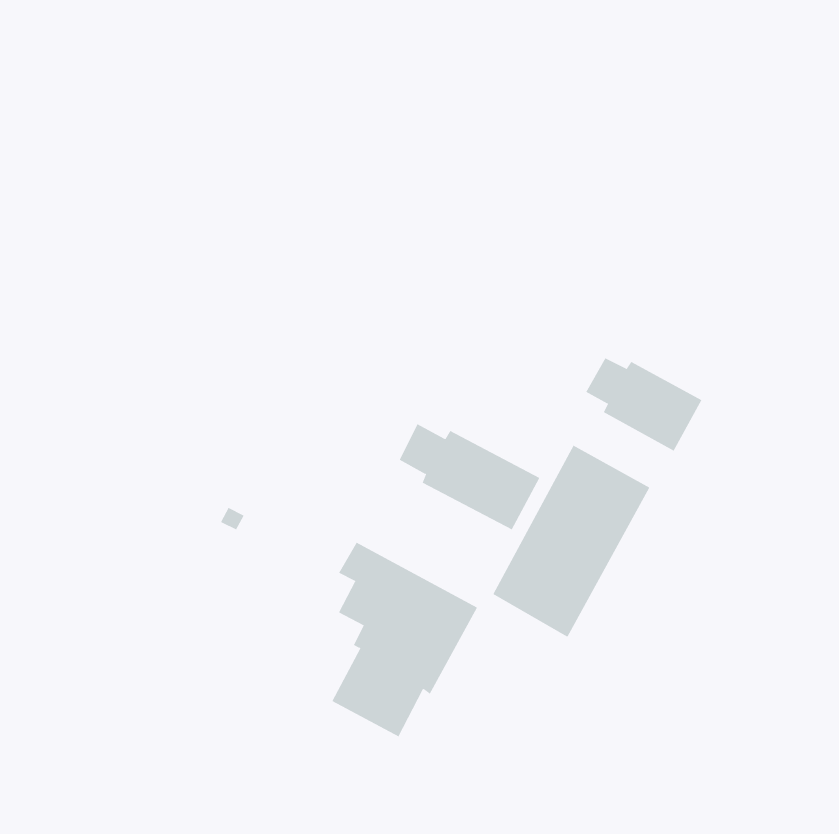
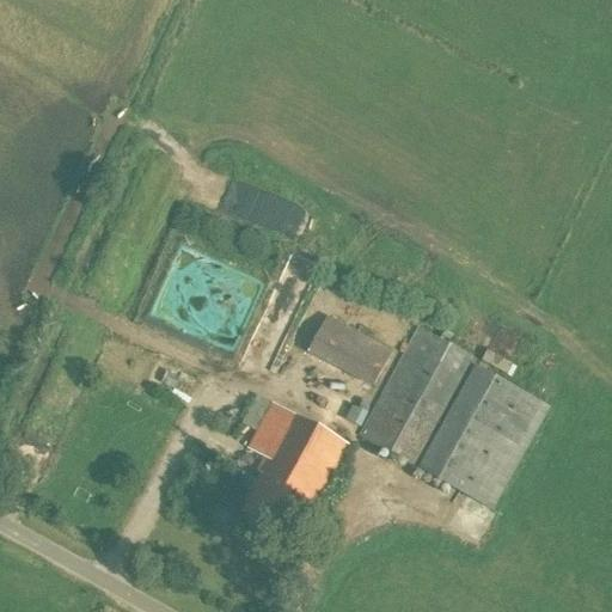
building: [585,358,702,451] -> none
building: none -> [420,365,549,507]

